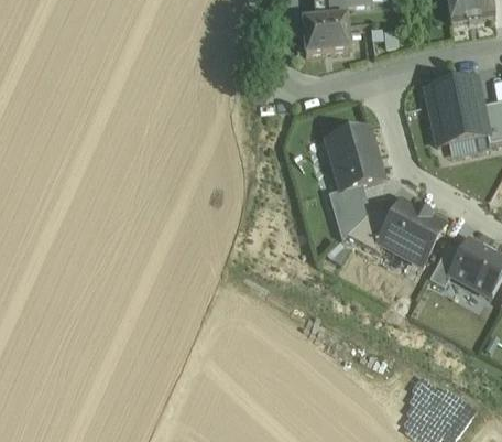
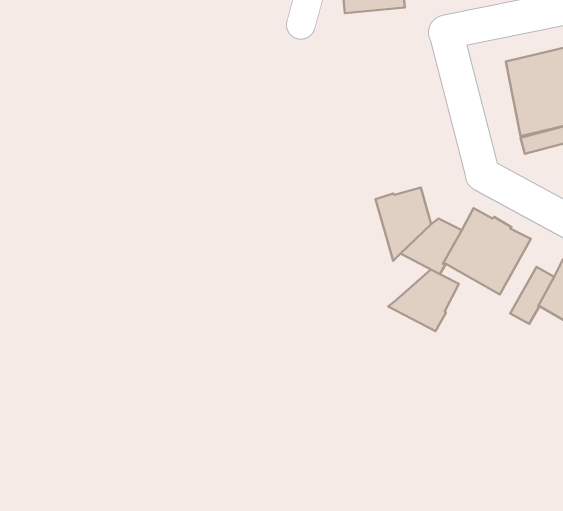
building: [327,128,383,191] -> none
building: none -> [388,269,459,331]

